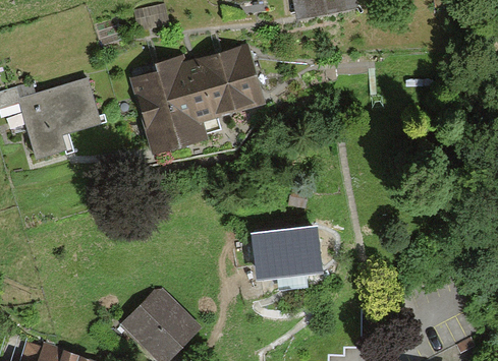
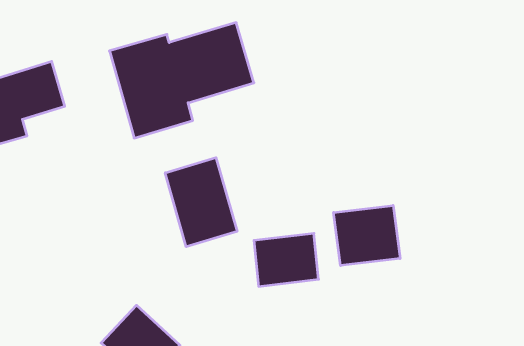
building: none -> [165,158,237,247]
building: none -> [334,205,400,266]

